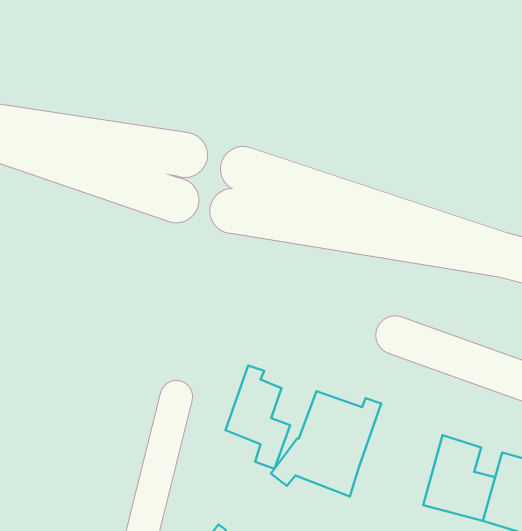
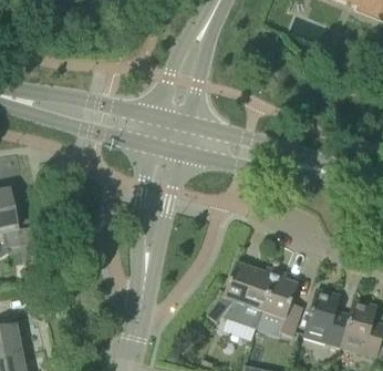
building: [226,365,290,469] -> [262,270,303,336]

